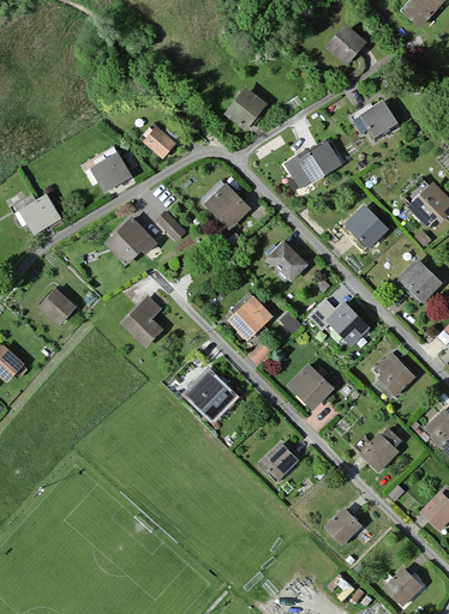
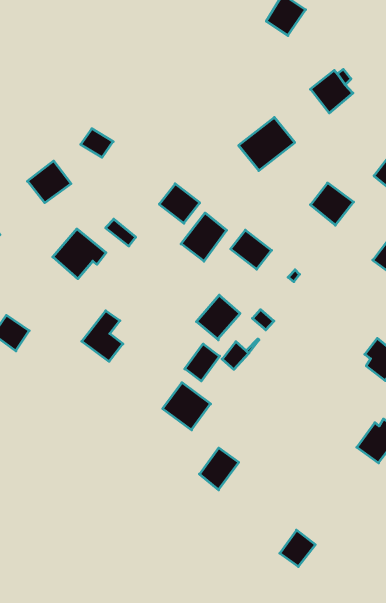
building: [226,86,263,126] -> none
building: none -> [181,213,227,261]
building: [310,301,369,345] -> none
building: none -> [185,344,220,381]
building: [289,366,331,408] -> none
building: [261,441,298,480] -> [199,448,239,490]
building: [327,507,360,541] -> [280,530,315,567]

